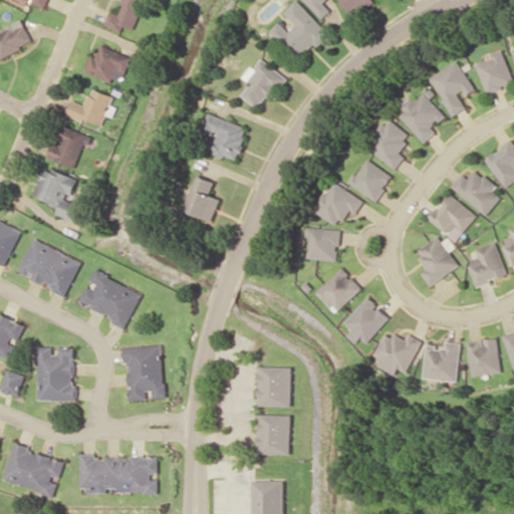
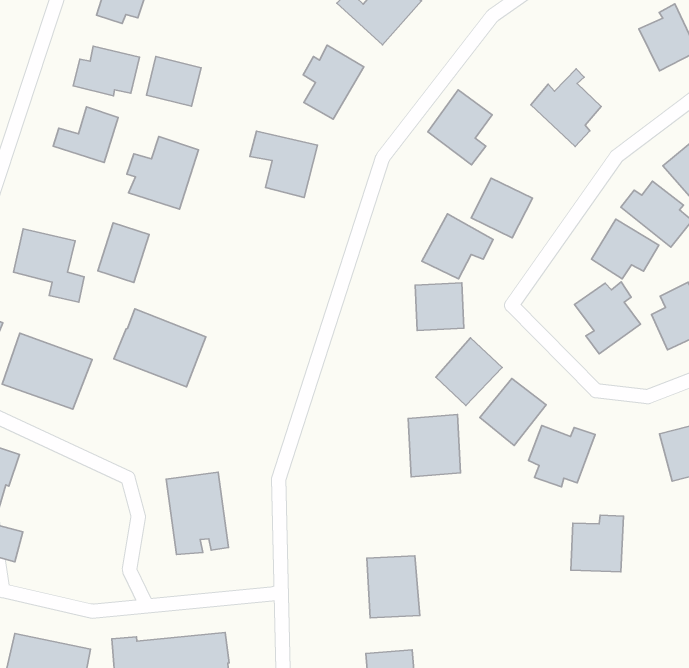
building: none -> [146,57,201,106]
building: [429,61,473,117] -> none
building: none -> [127,136,199,209]
building: [364,118,410,171] -> [428,90,492,165]
building: [49,126,86,169] -> [98,223,149,282]
building: [182,176,219,222] -> none
building: [76,271,141,327] -> [114,309,206,387]
building: [422,342,461,382] -> [571,515,624,572]
building: [36,347,74,402] -> none
building: [257,366,292,407] -> [408,414,461,477]

